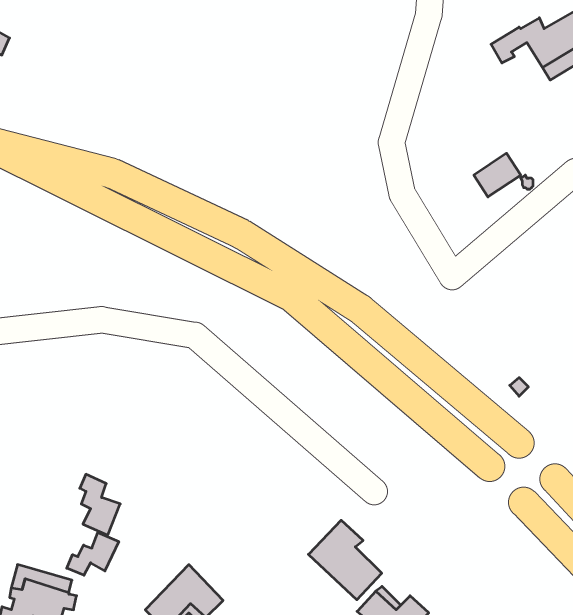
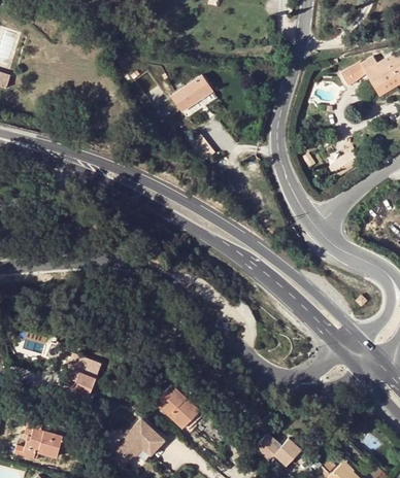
building: none -> [170,74,212,111]
building: [308,520,382,600] -> [155,379,203,432]
building: [67,532,119,575] -> none

